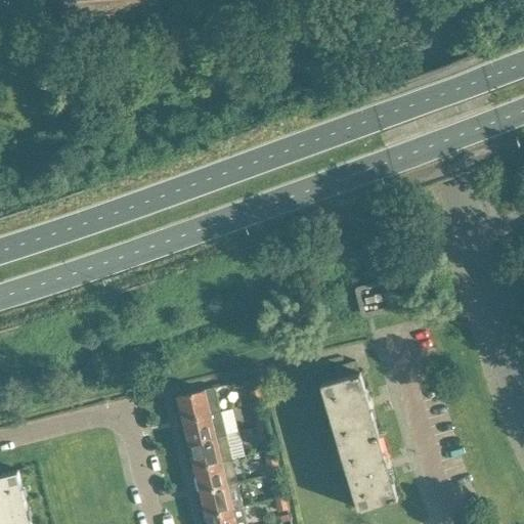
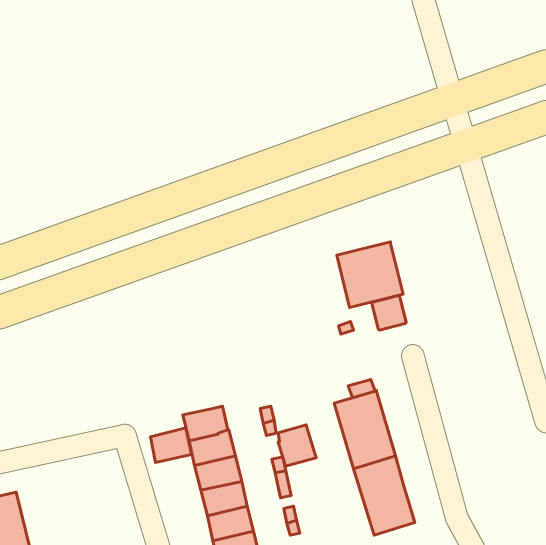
building: none -> [337,242,403,308]
building: none -> [278,425,316,466]
building: none -> [150,428,192,463]

